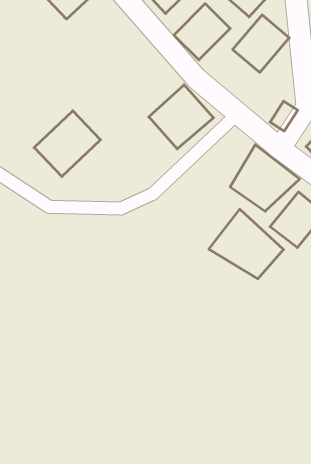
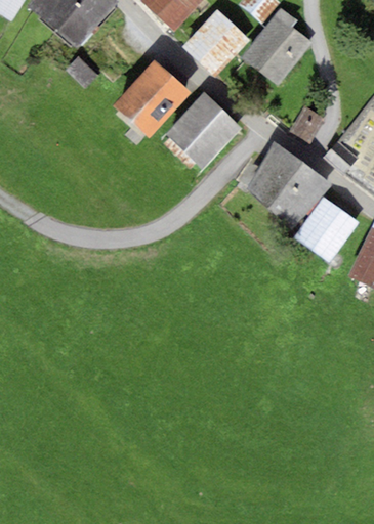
building: [34,111,101,177] -> [116,67,183,135]
building: [209,209,284,279] -> none

